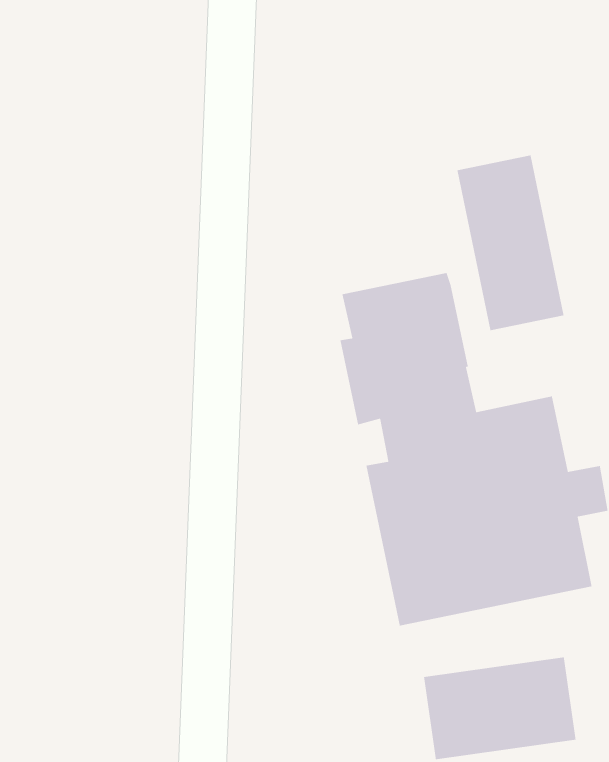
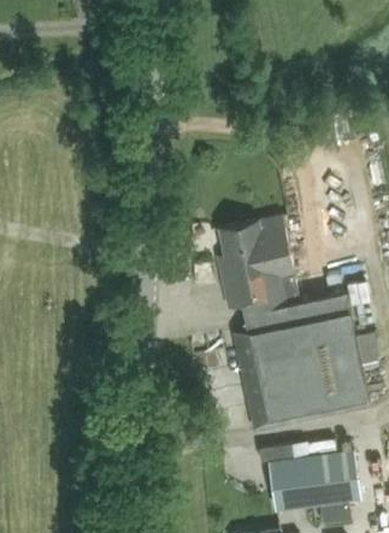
building: [457,155,564,331] -> none

